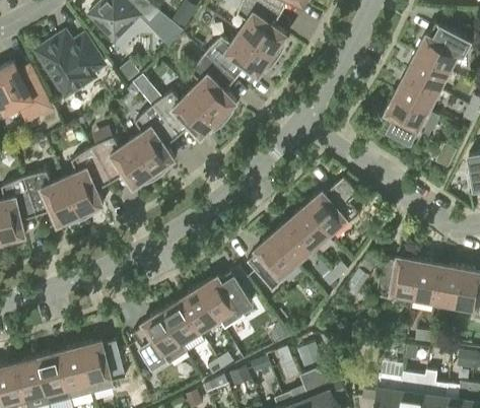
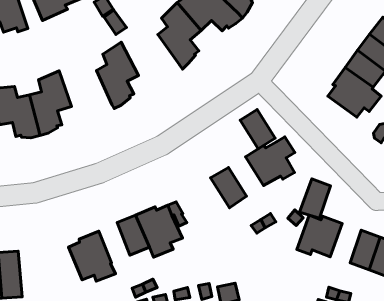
building: [152,92,222,139] -> none
building: [91,138,156,189] -> none
building: [288,207,329,249] -> [240,109,275,149]
building: [247,235,296,291] -> none
building: [412,261,440,301] -> [300,179,331,218]
building: [161,299,199,343] -> none
building: [79,341,125,395] -> none

